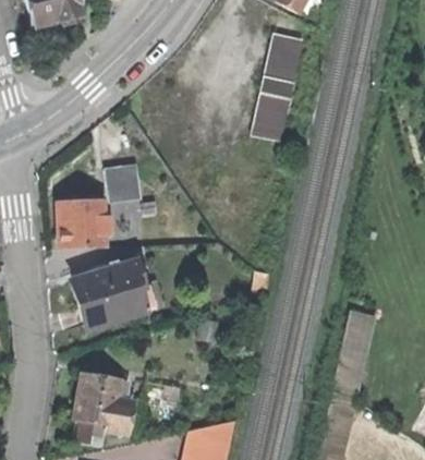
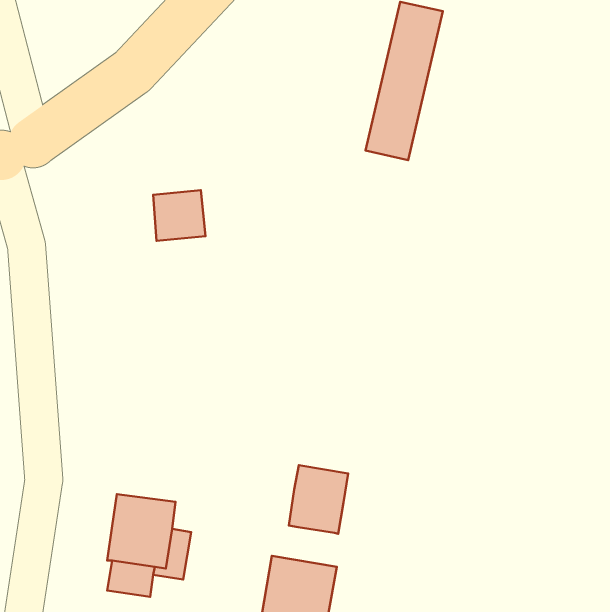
building: [61,202,112,246] -> none
building: [72,261,144,326] -> none
building: none -> [289,465,348,534]

